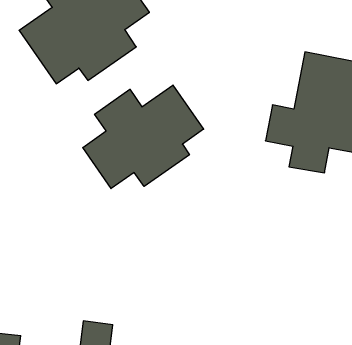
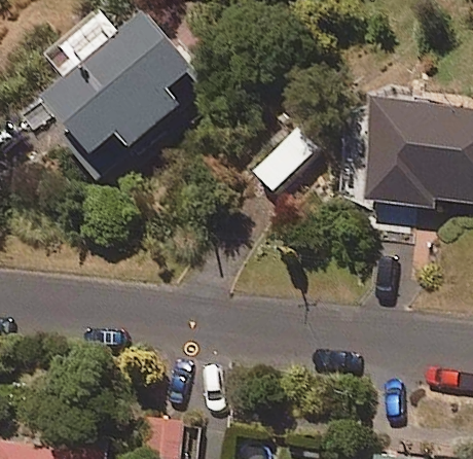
building: [83,85,204,189] -> none

